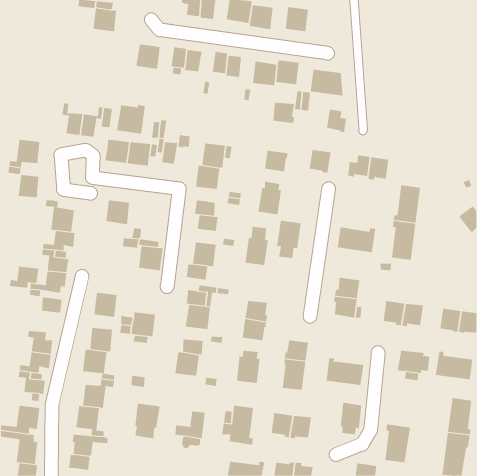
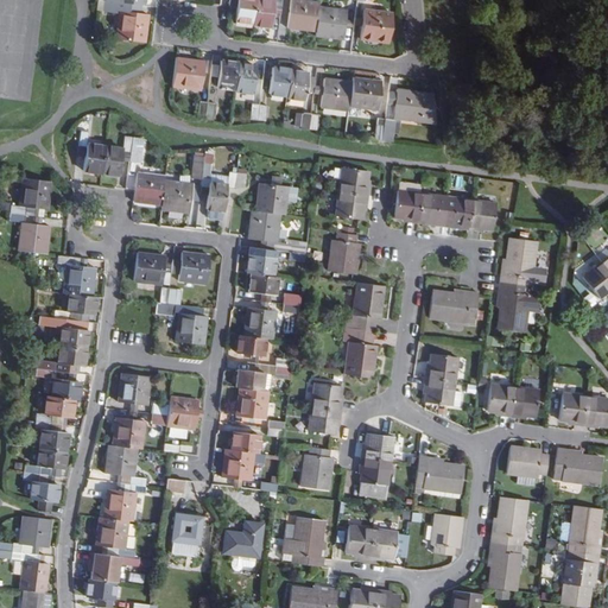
building: [272,102,295,124] -> [340,167,368,195]
building: [117,104,145,135] -> none
building: [326,109,347,133] -> [418,194,444,223]
building: none -> [178,254,209,285]
building: [244,226,269,265] -> [344,327,375,376]
building: [9,266,39,288] -> [36,394,74,423]
building: none -> [492,496,528,544]

